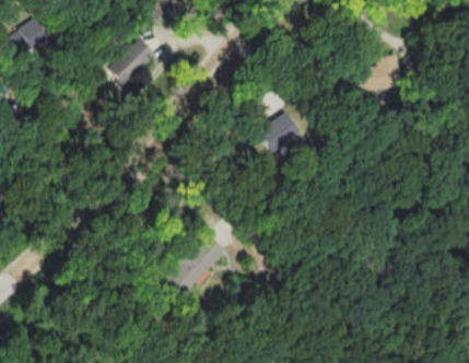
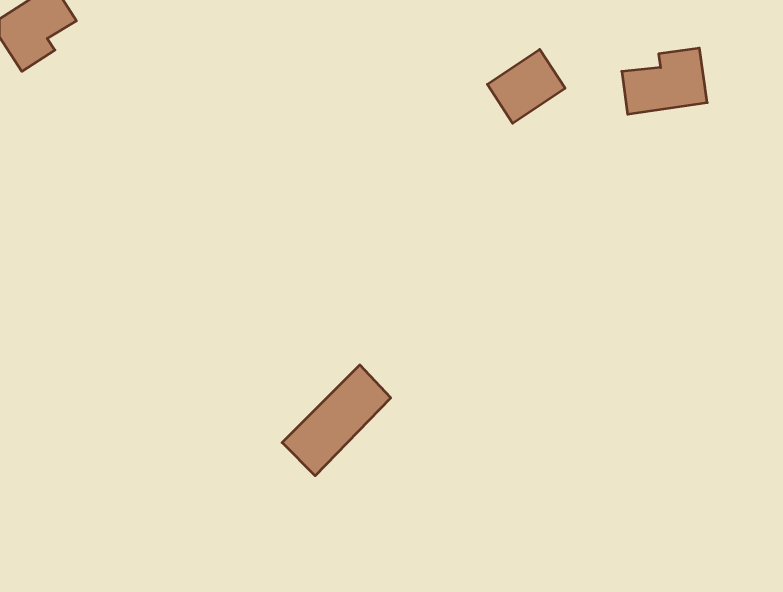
building: [107,38,156,85] -> none
building: [256,113,300,154] -> [487,49,565,123]

